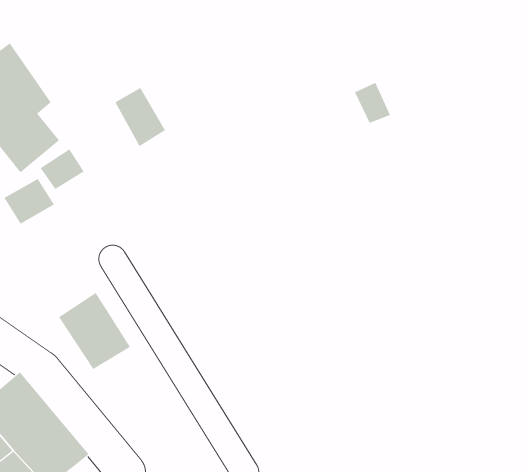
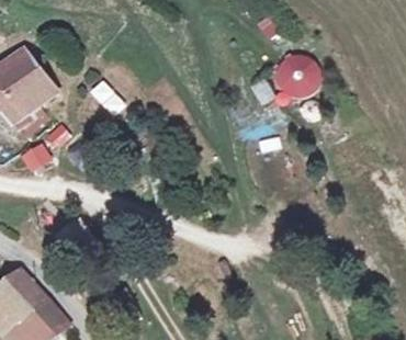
building: none -> [270,53,319,98]

